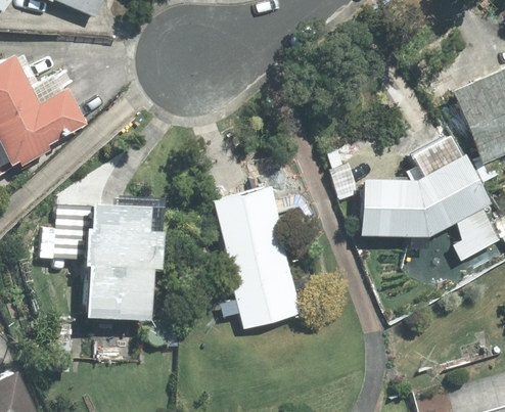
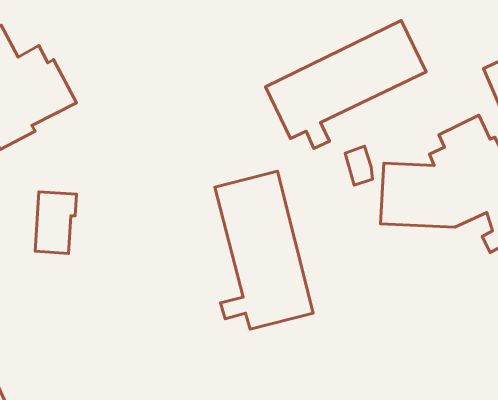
building: none -> [266,20,426,148]
building: [86,197,165,320] -> none

